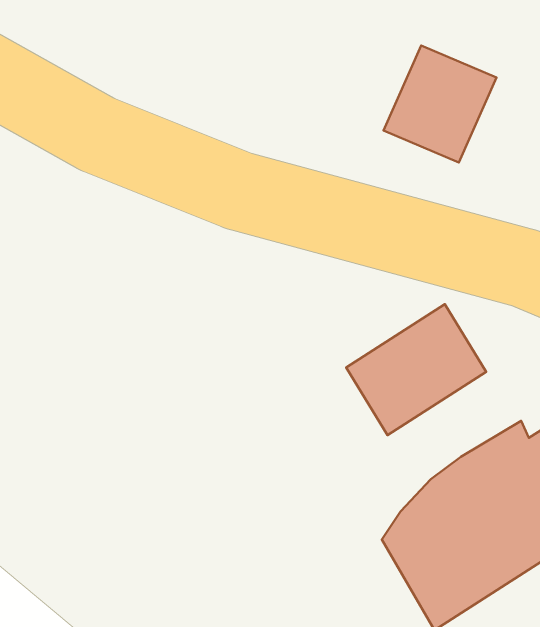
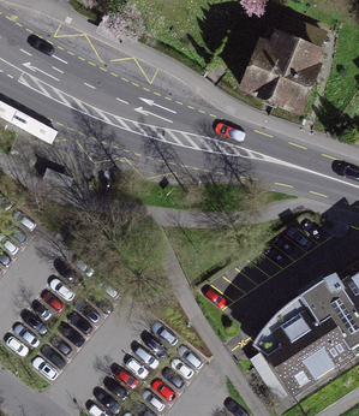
building: [346,304,486,435] -> none

